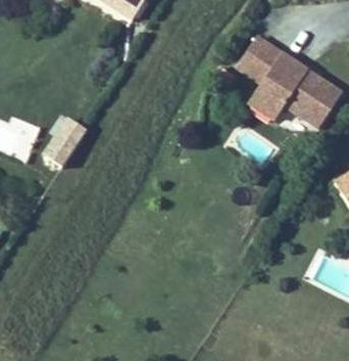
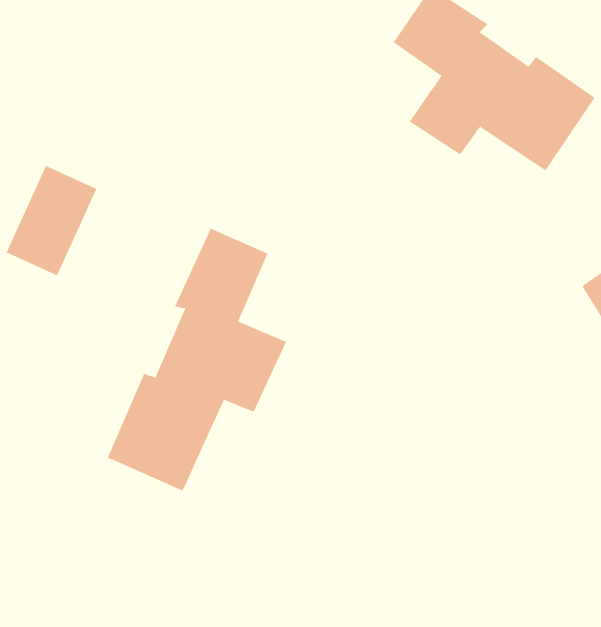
building: none -> [107,228,287,491]

